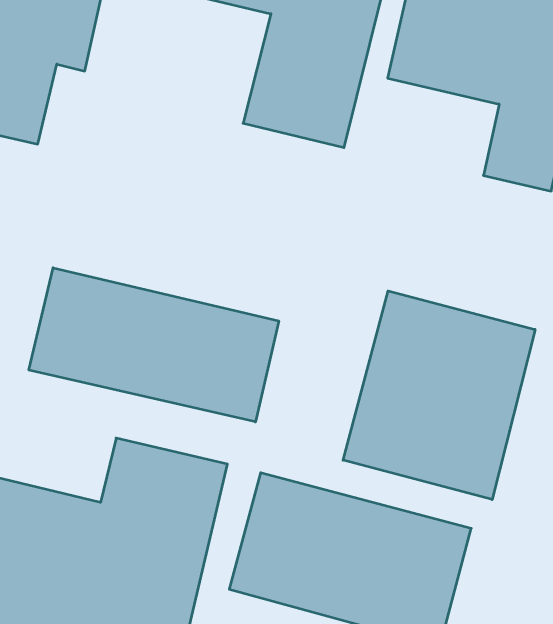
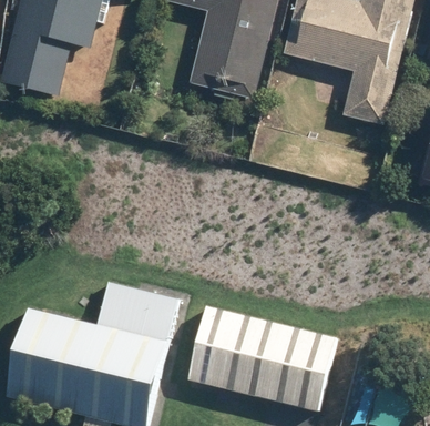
building: [29,268,279,422] -> none
building: [343,291,535,500] -> none

